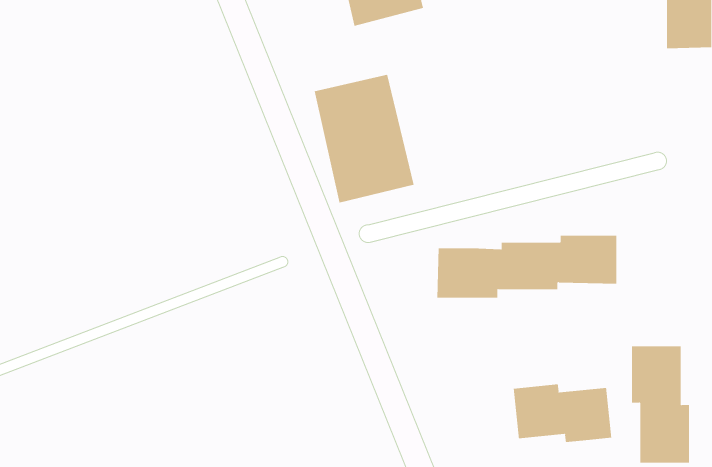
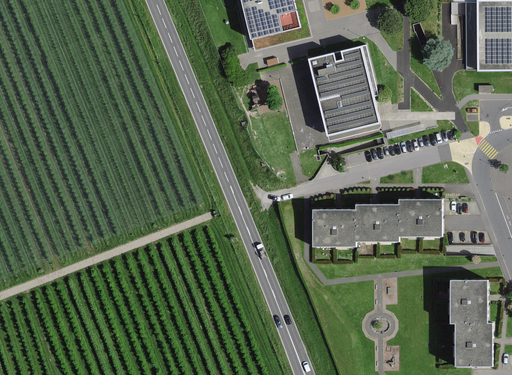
building: [314,74,415,203] -> [308,49,380,141]
building: [513,383,612,443] -> none

